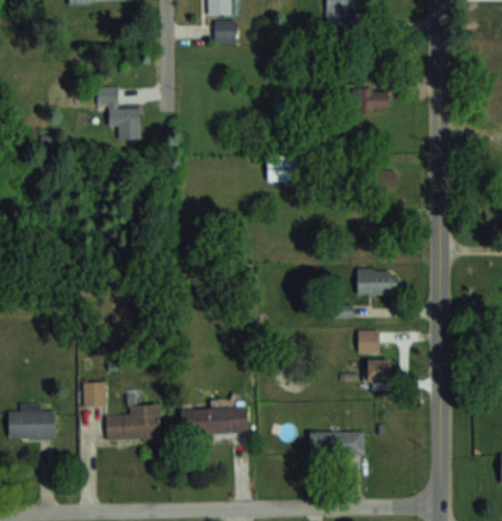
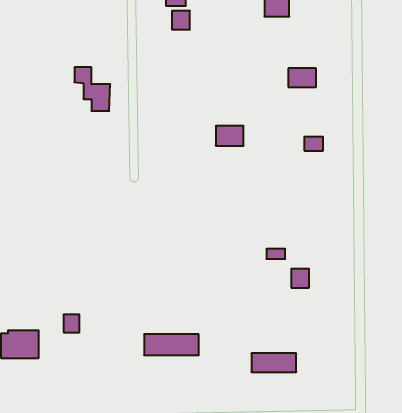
building: [357,268,396,294] -> none
building: [366,360,390,383] -> none
building: [106,407,160,440] -> none

